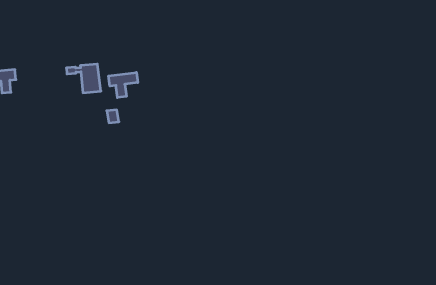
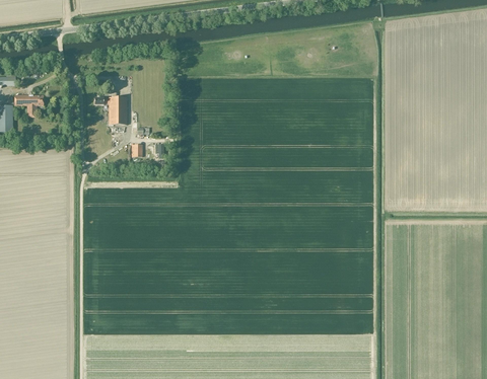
building: [109,72,138,98] -> none

